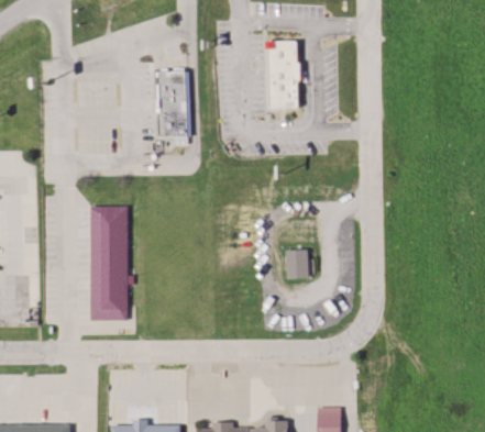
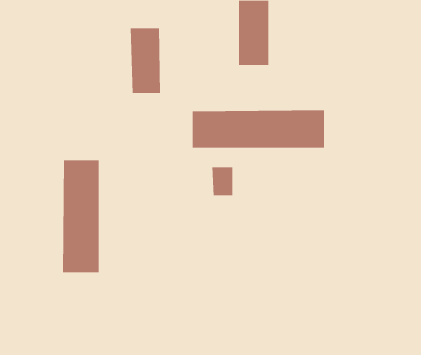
building: none -> [192,110,324,148]
building: [286,250,308,279] -> [212,167,233,196]

